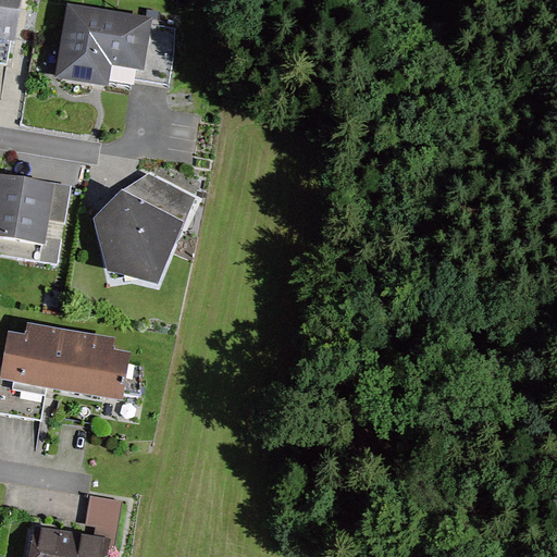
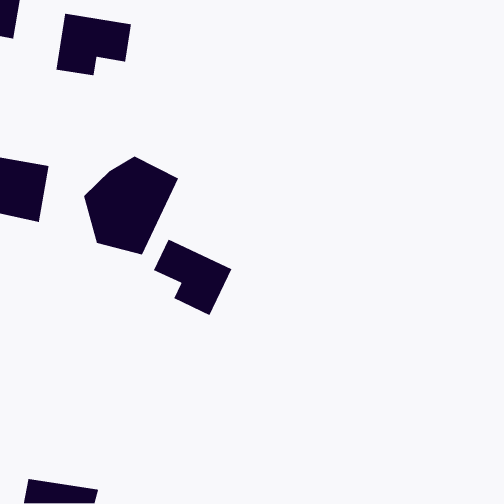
building: none -> [153,239,232,316]
building: [7,335,131,401] -> none
building: [85,495,121,535] -> none

